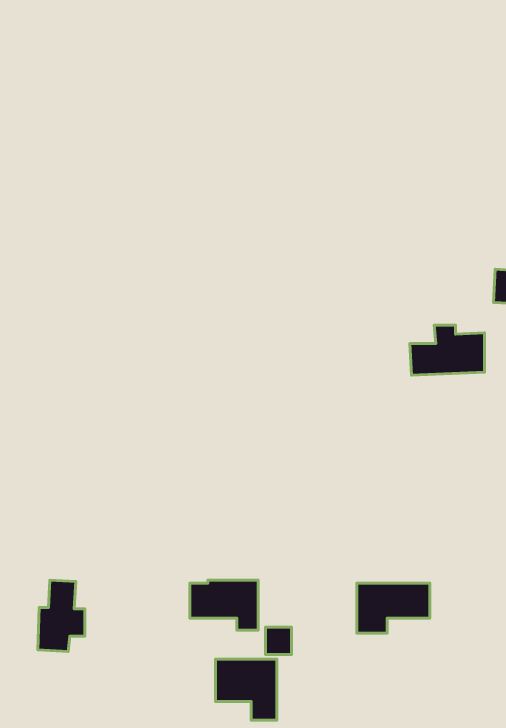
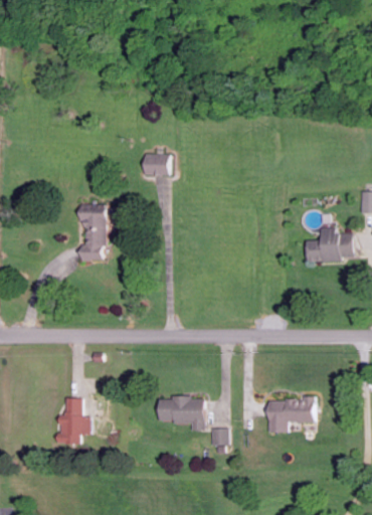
building: none -> [142,154,169,176]
building: none -> [79,204,108,262]
building: [215,659,277,720] -> none

